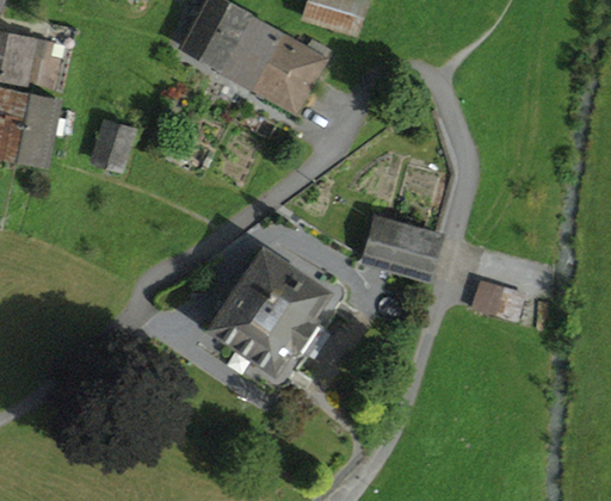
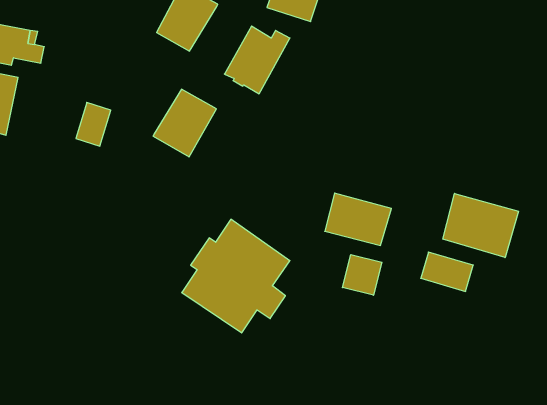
building: [217,16,286,89] -> [153,89,216,157]
building: [18,93,66,161] -> none
building: none -> [443,193,519,258]
building: none -> [342,255,382,295]

